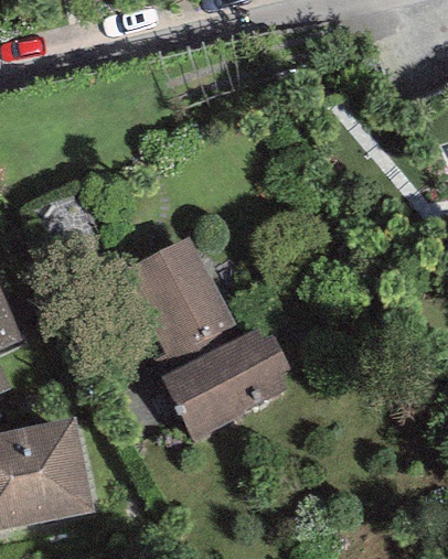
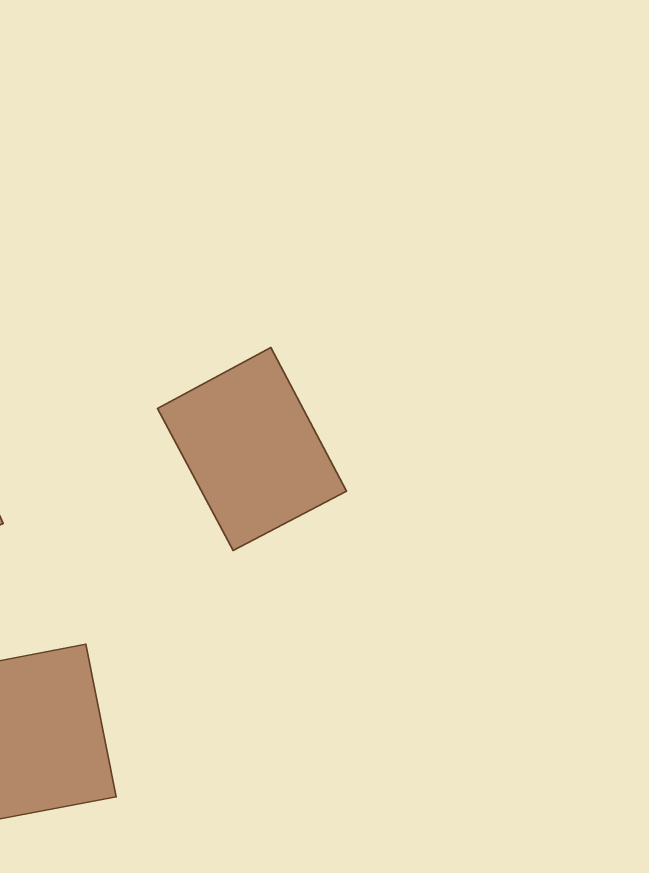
building: [159,330,290,439] -> none

